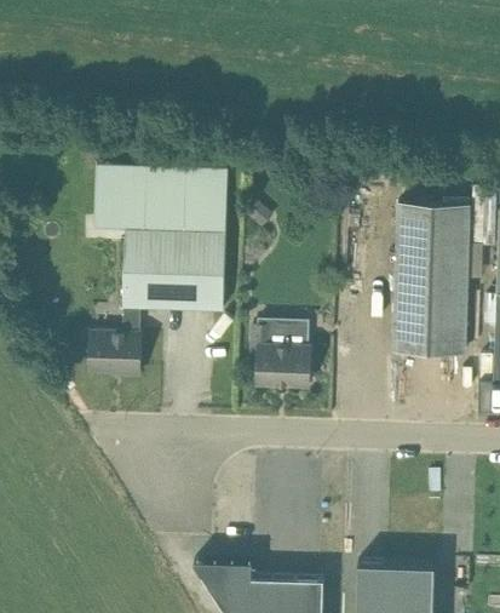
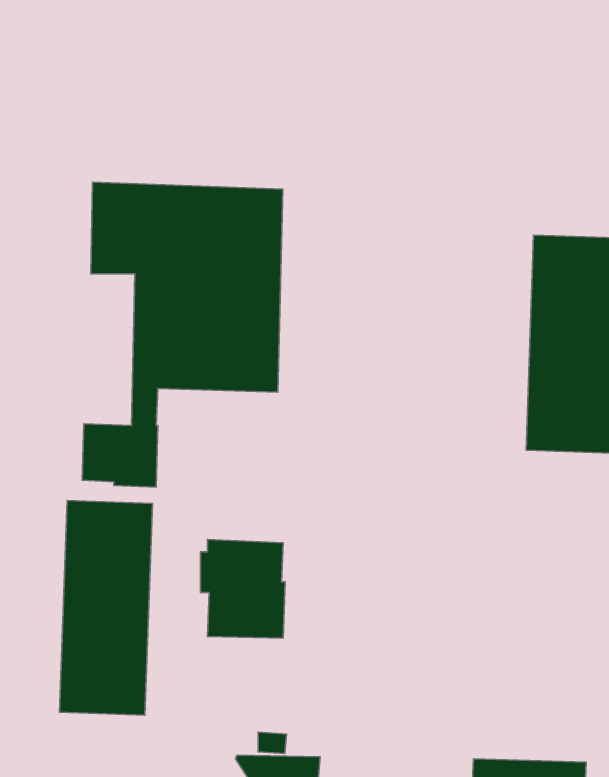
building: [252,317,310,385] -> [200,539,285,638]
building: none -> [60,501,153,715]

